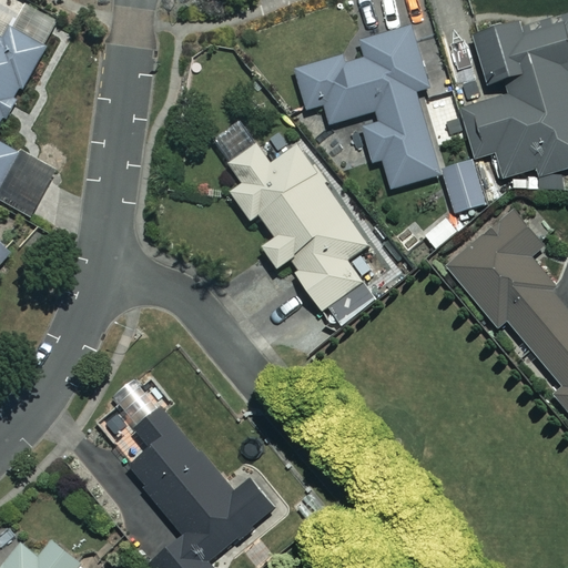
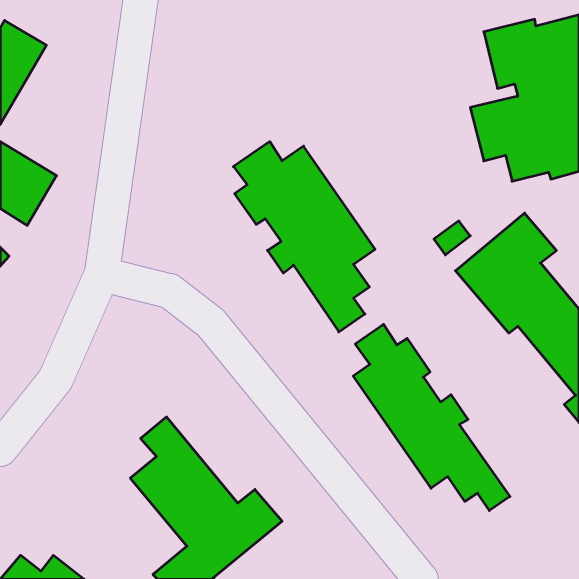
building: [296,26,488,214] -> none
building: none -> [353,324,510,511]

